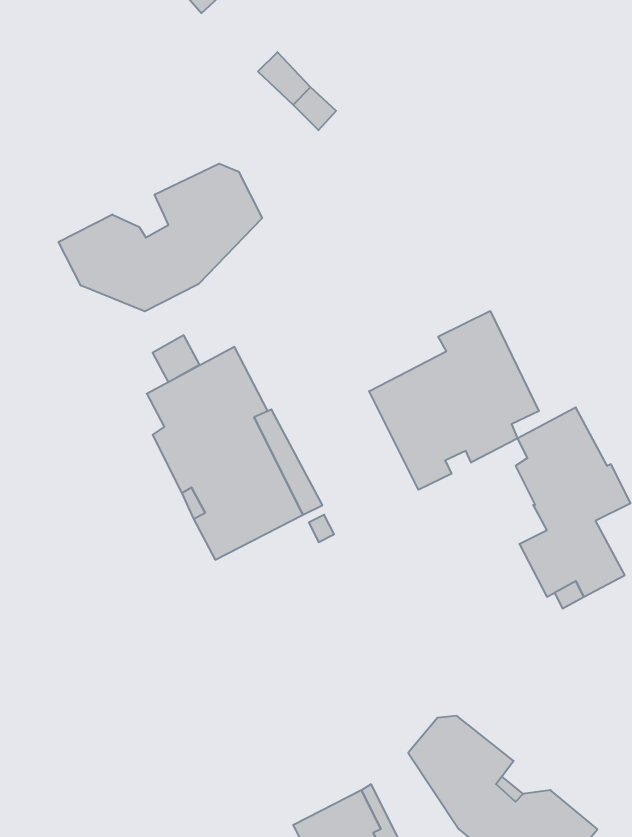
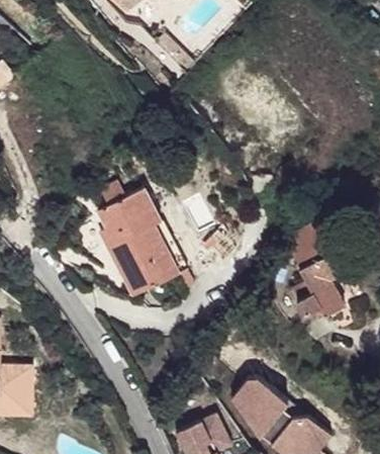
building: [59,164,262,311] -> none
building: [369,311,539,490] -> none

